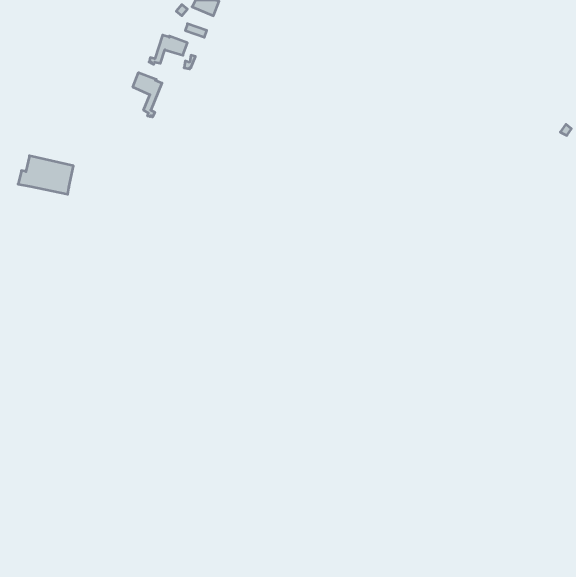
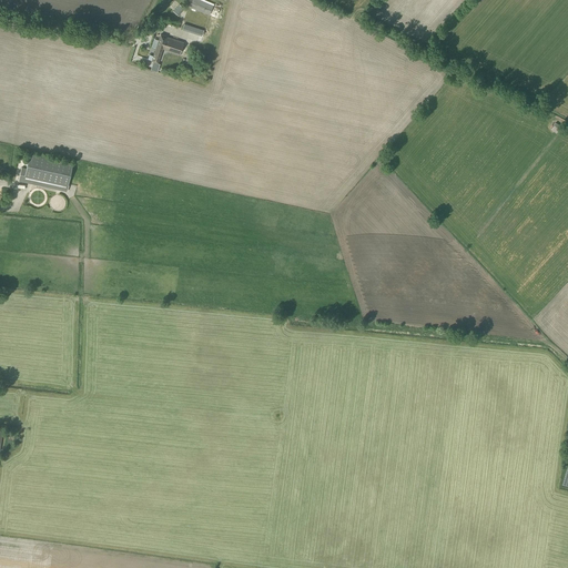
building: [133,73,162,117] -> none

